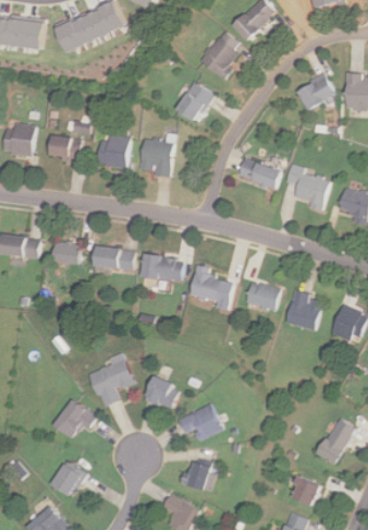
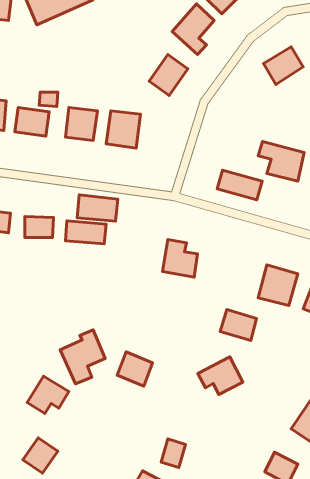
building: [238,159,283,189] -> [217,170,262,200]
building: [145,254,185,280] -> [77,195,118,221]
building: [246,280,282,311] -> [220,310,256,340]
building: [180,403,224,441] -> [198,357,243,394]

